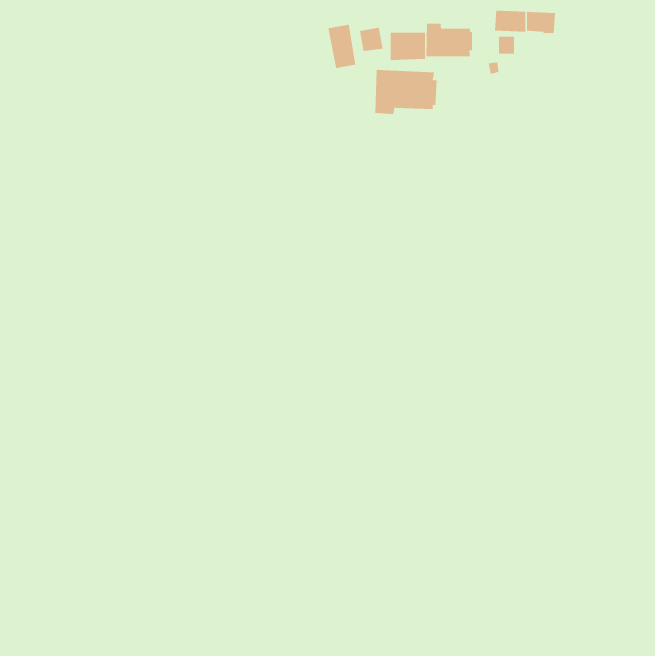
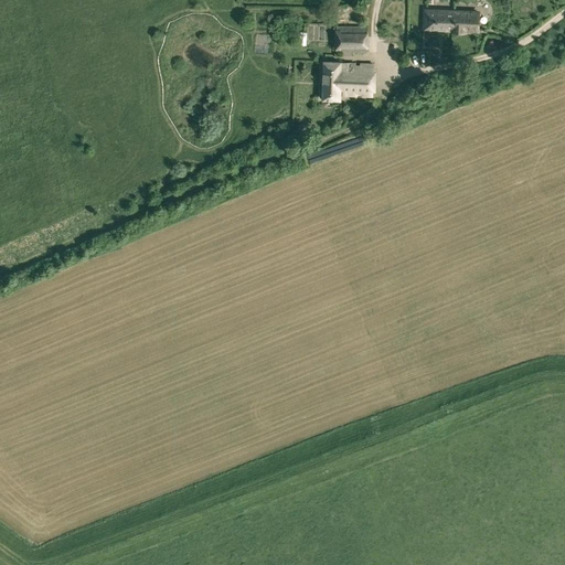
building: [426,23,473,57] -> none
building: [328,24,356,69] -> none

